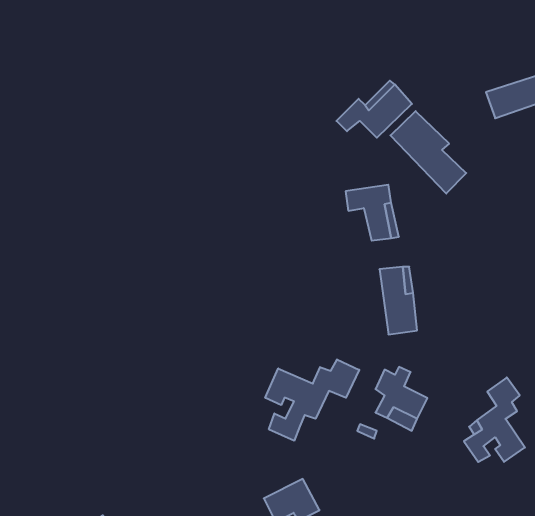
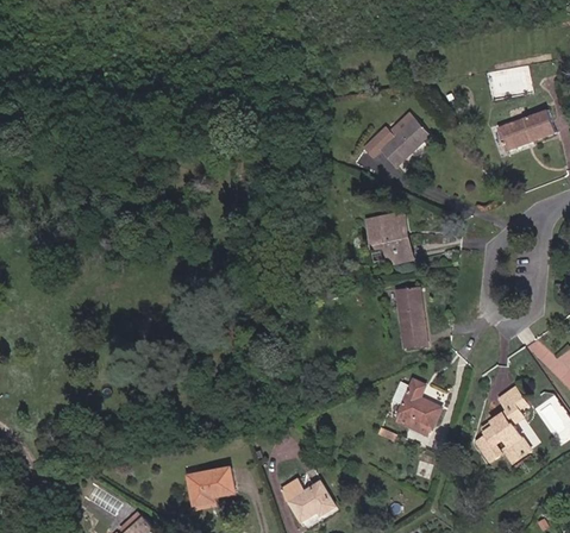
building: [390,111,466,194] -> none
building: [265,359,359,441] -> none
building: none -> [194,466,238,503]

